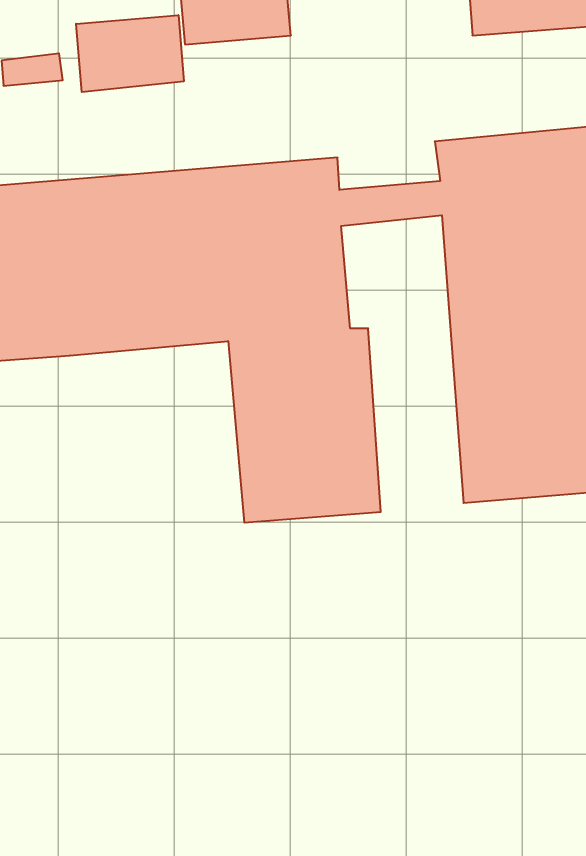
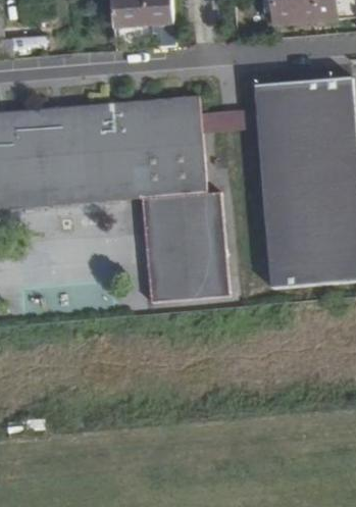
building: [76,15,184,92] -> none

